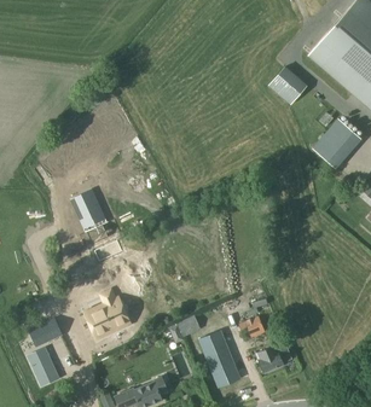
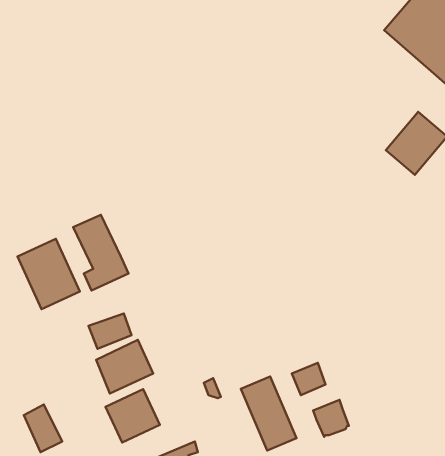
building: [269,66,307,104] -> none
building: none -> [17,239,80,309]
building: [29,316,63,347] -> none
building: none -> [106,389,160,442]

